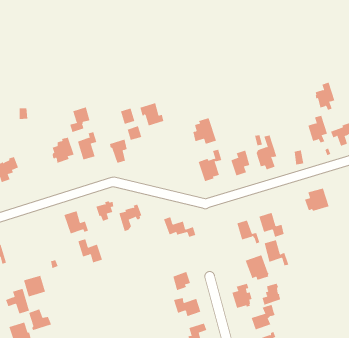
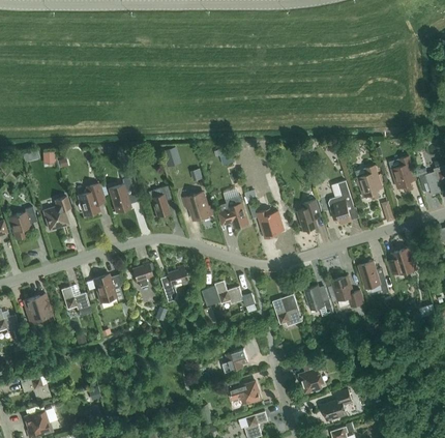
building: [315,82,335,111] -> [357,165,382,200]
building: [140,102,164,126] -> [183,192,213,221]
building: [69,107,90,133] -> none
building: [192,117,217,144] -> [218,195,248,228]
building: none -> [43,197,69,229]
building: [77,239,103,263] -> [60,286,91,316]
building: [264,240,289,266] -> [358,261,389,293]
building: [245,254,269,281] -> [272,294,302,326]
building: [23,275,46,297] -> [24,294,52,321]
building: [262,283,281,305] -> none
building: [29,309,52,331] -> none

